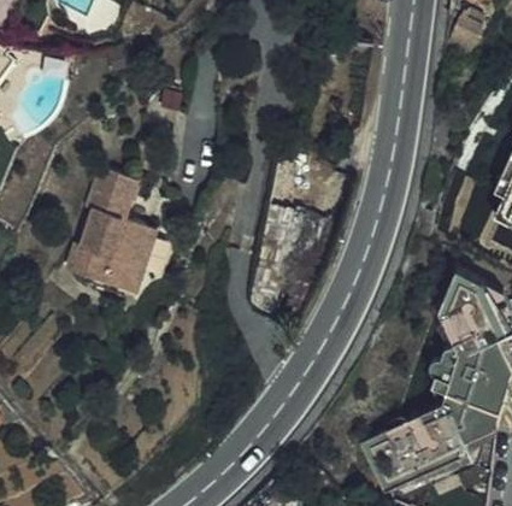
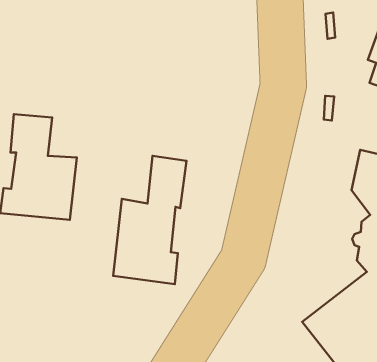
building: none -> [113,156,186,284]

